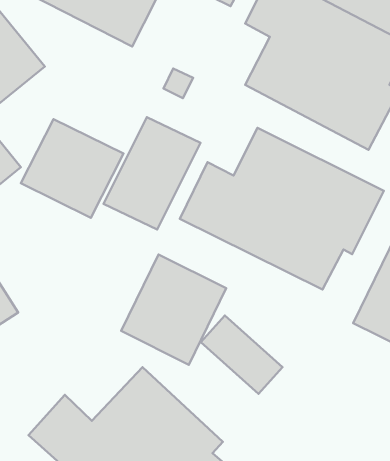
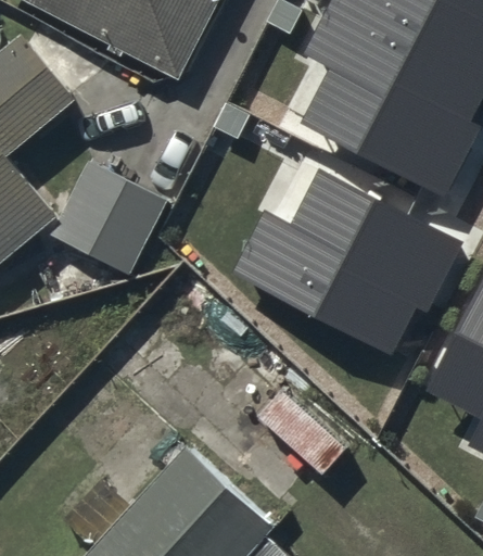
building: [104,117,201,230] -> none
building: [121,254,226,365] -> none

